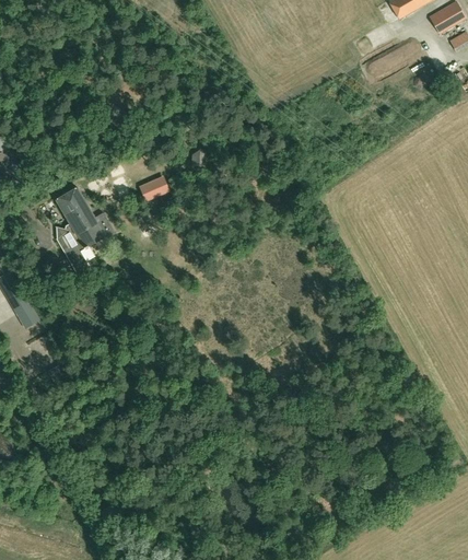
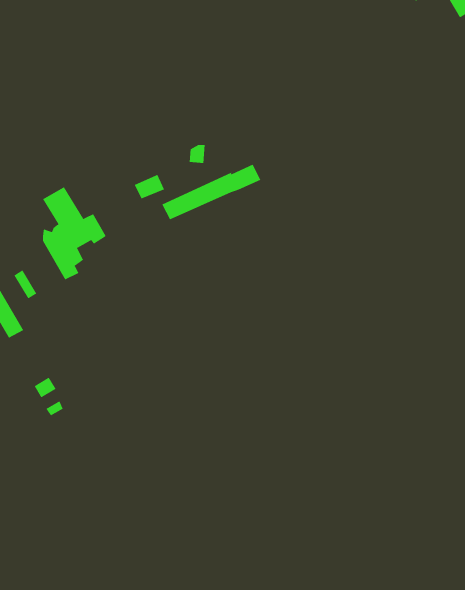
building: none -> [162,164,261,220]

